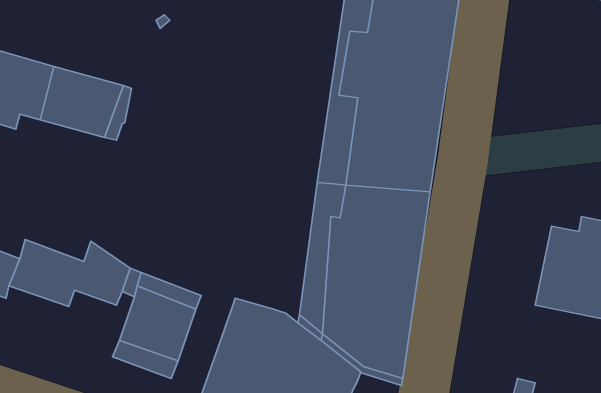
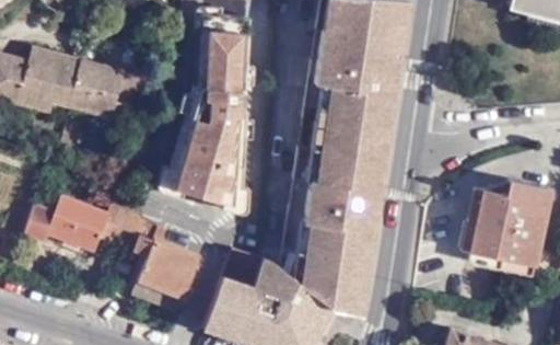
building: none -> [164,15,248,209]

